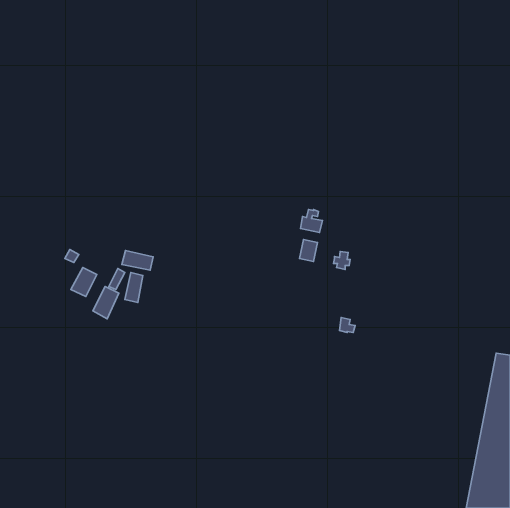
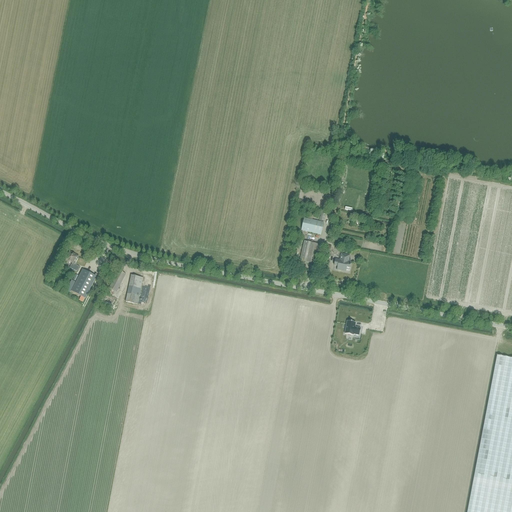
building: [122,251,153,270] -> none
building: [93,286,119,319] -> none

